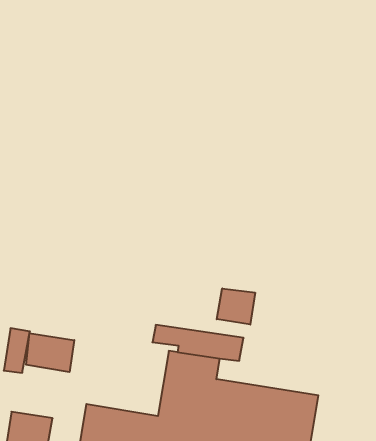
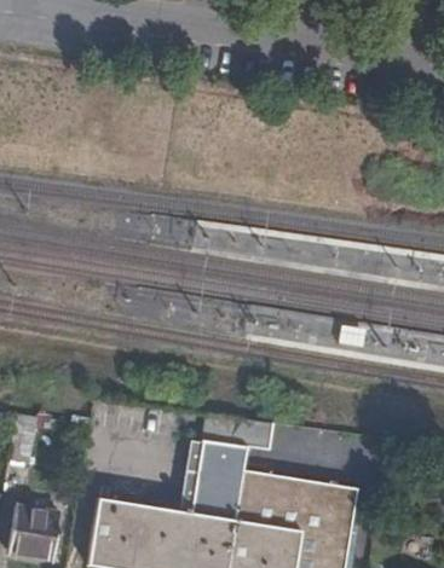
building: [217,288,255,325] -> none
building: [26,333,74,372] -> none

